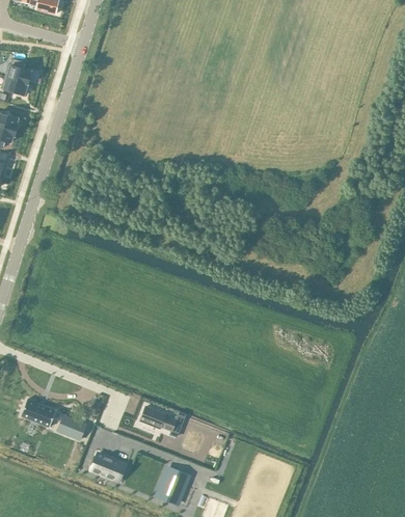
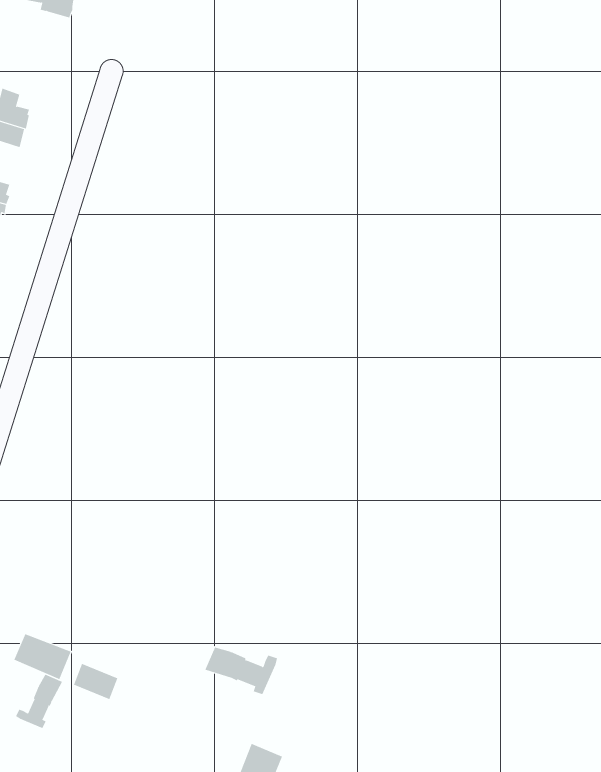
building: none -> [15,674,63,729]
building: [90,453,124,479] -> none

